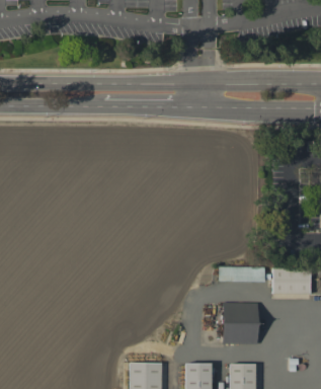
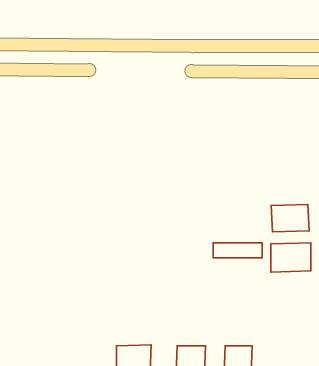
building: none -> [271,204,309,232]
building: [223,302,259,343] -> none

